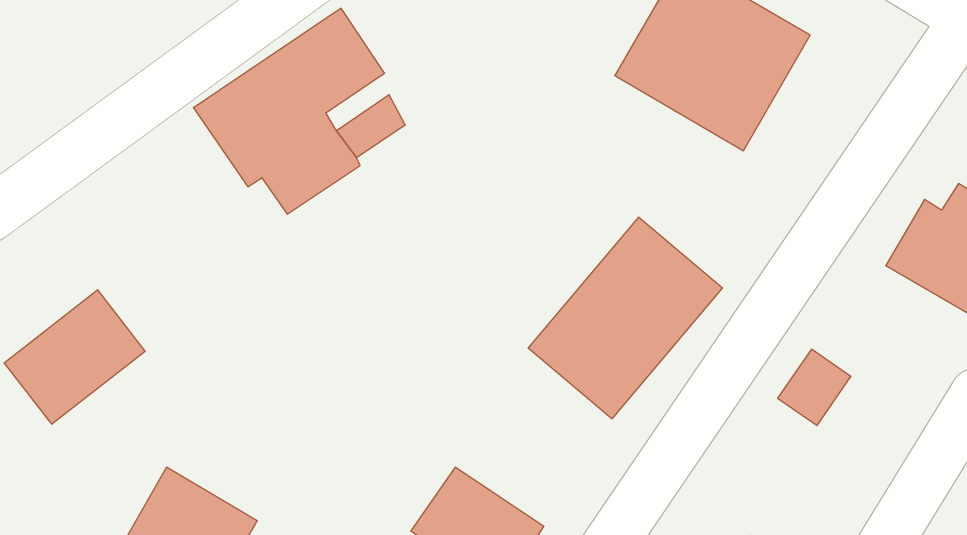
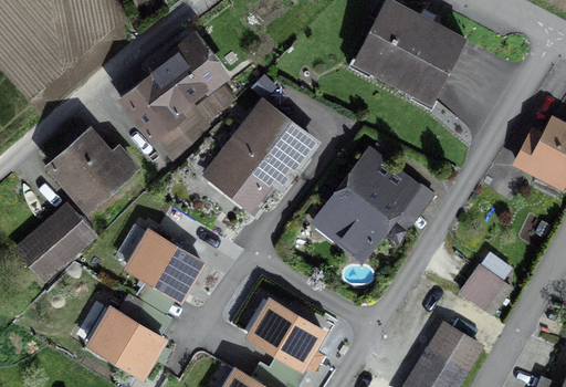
building: none -> [203,102,316,211]
building: none -> [44,130,137,213]
building: none -> [129,227,205,294]
building: [778,349,851,426] -> [461,268,502,311]

